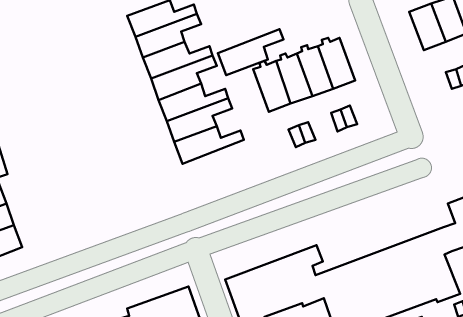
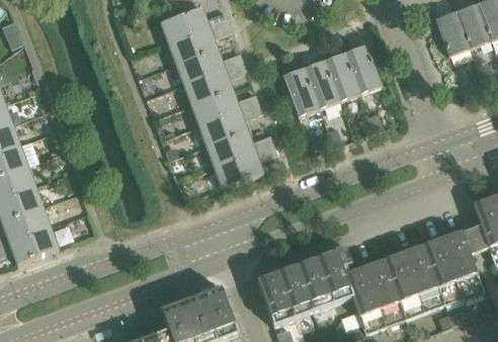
building: [218,29,284,75] -> [214,143,277,187]

